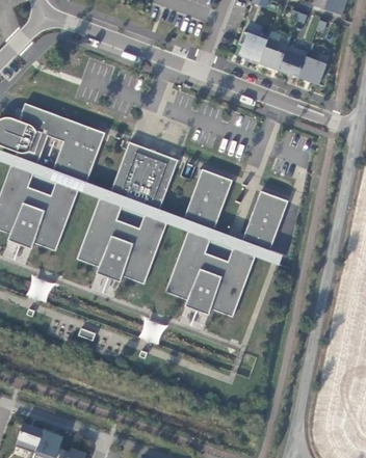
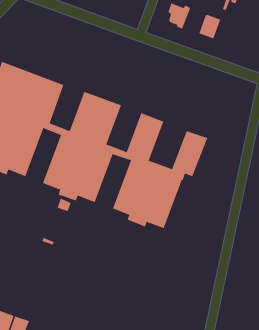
building: [256,37,284,69] -> none
building: [295,52,324,83] -> none

